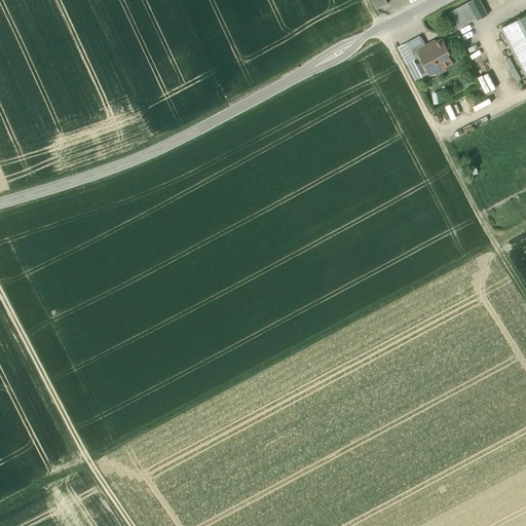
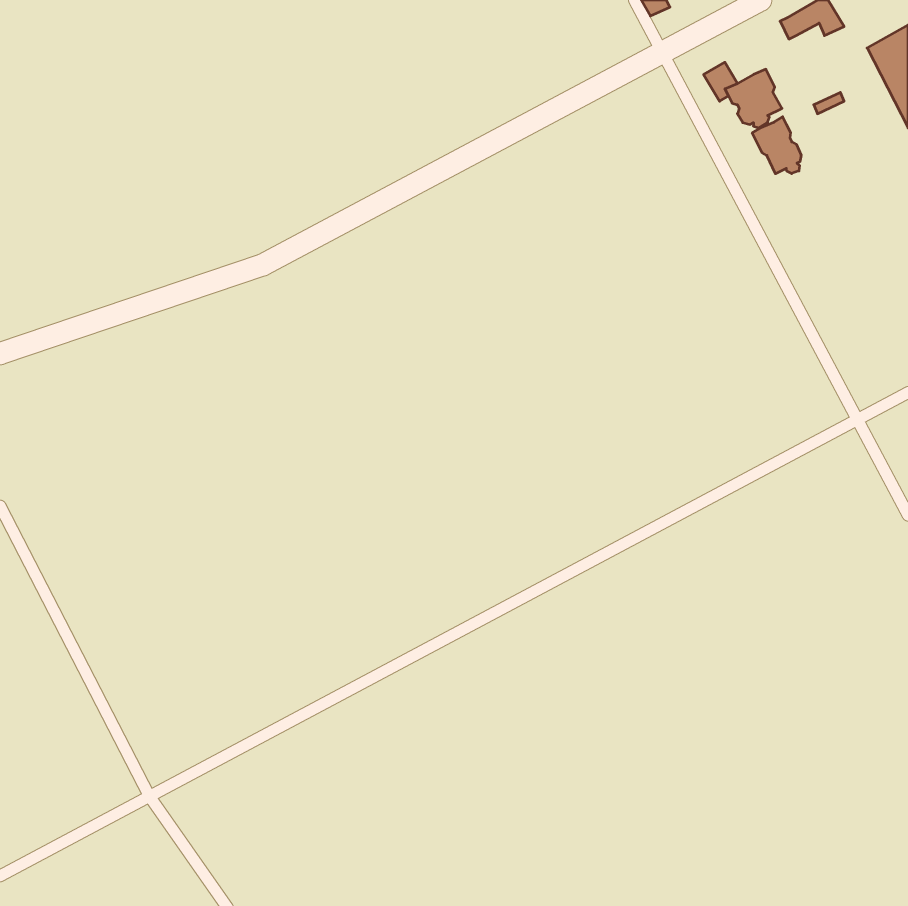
building: none -> [752,117,801,174]

